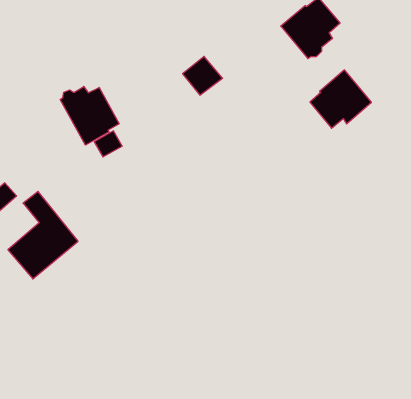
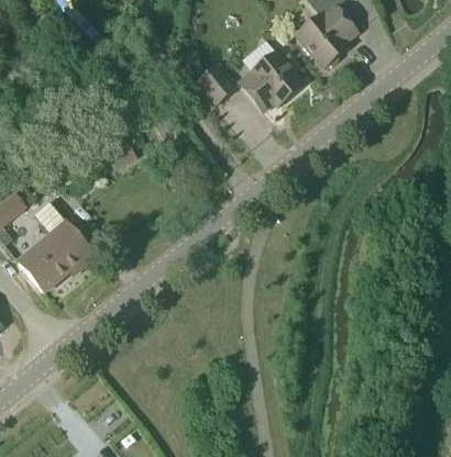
building: [310,70,371,128] -> [240,49,302,109]
building: [60,86,119,145] -> none

